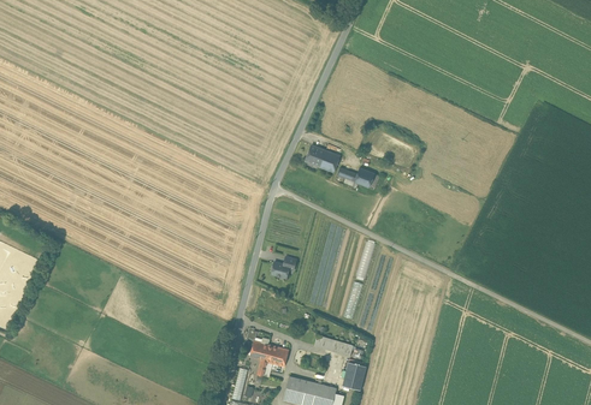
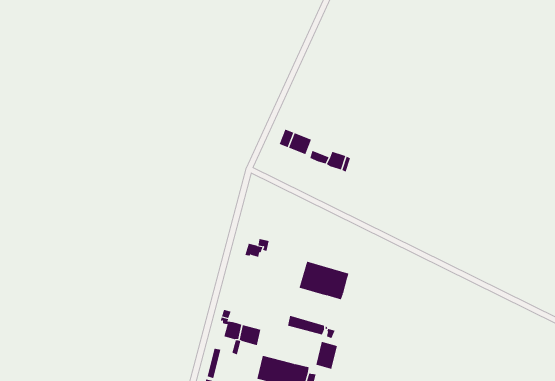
building: none -> [299,261,349,300]

